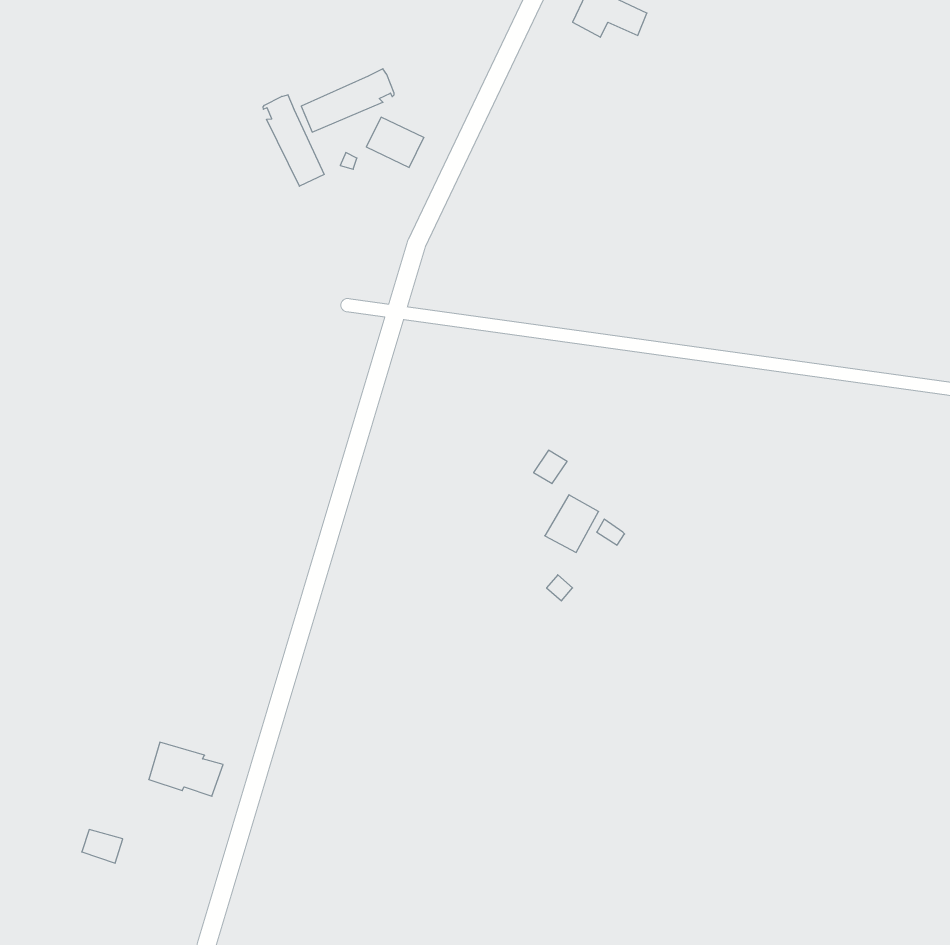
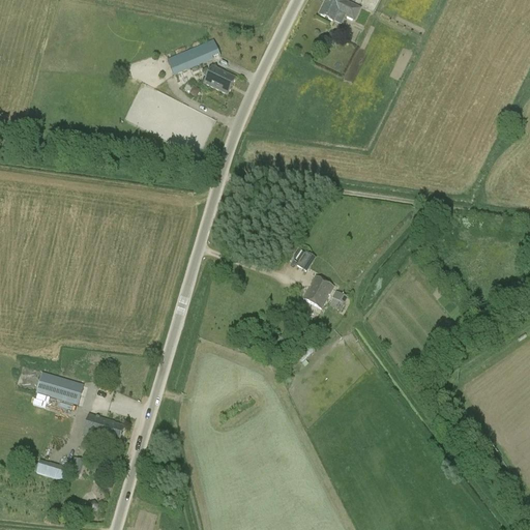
building: [263,95,324,186] -> none
building: none -> [36,372,84,404]

